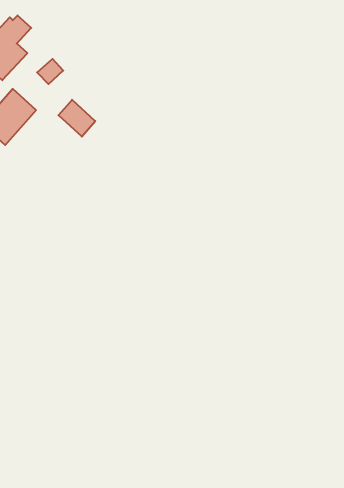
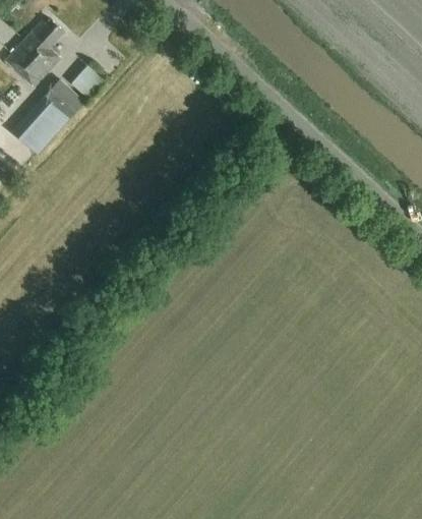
building: [58,100,95,137] -> [45,79,83,118]

